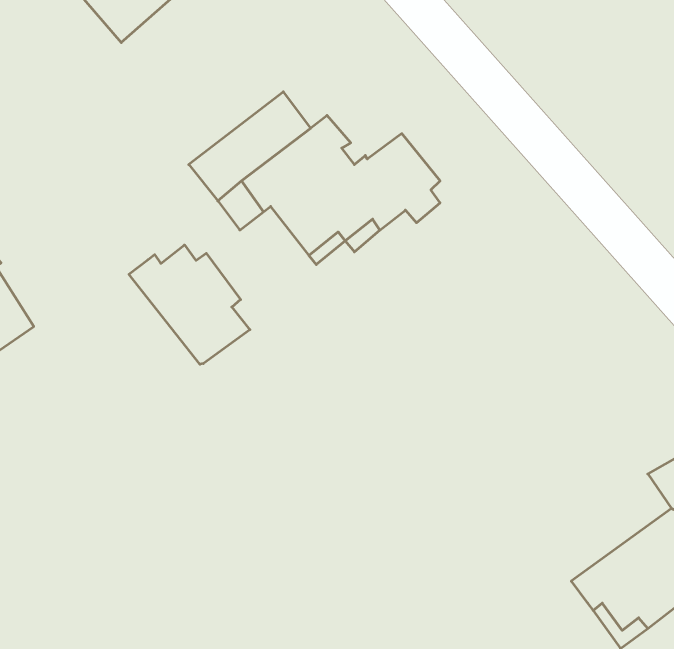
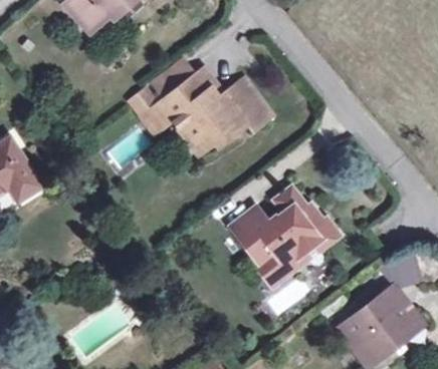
building: [129,245,250,364] -> none
building: none -> [230,189,338,277]

